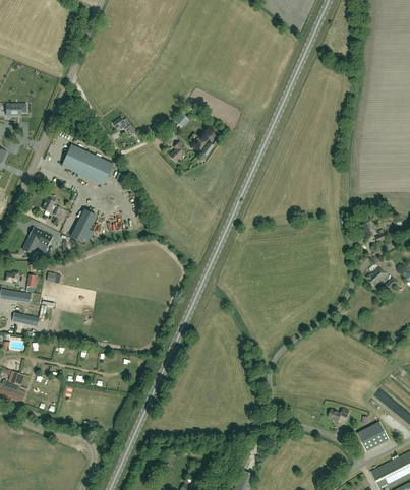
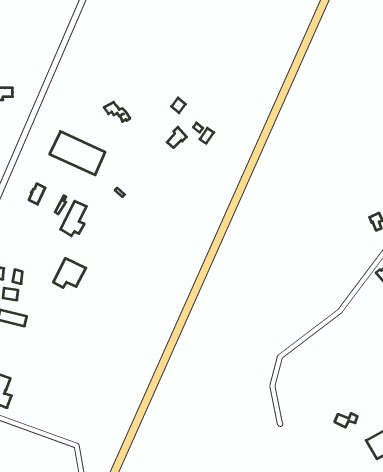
building: [22,227,53,254] -> [53,258,86,288]

